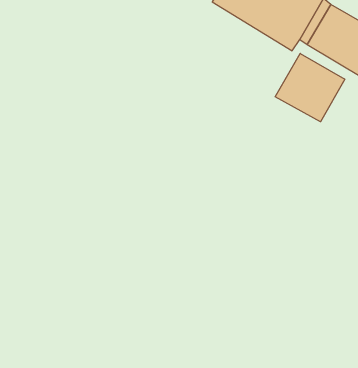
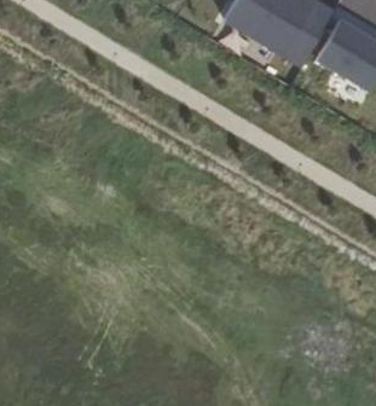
building: [275,53,345,122] -> none

